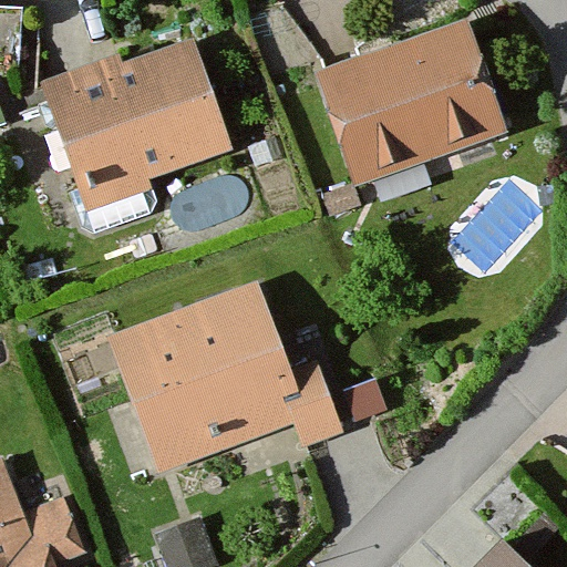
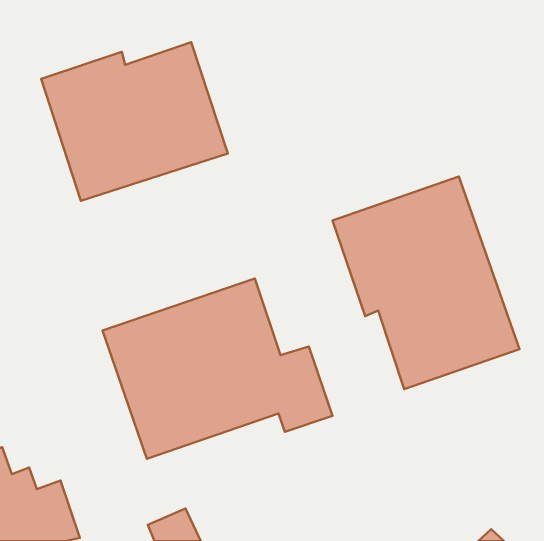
building: [317,22,508,185] -> none
building: none -> [332,176,520,389]

